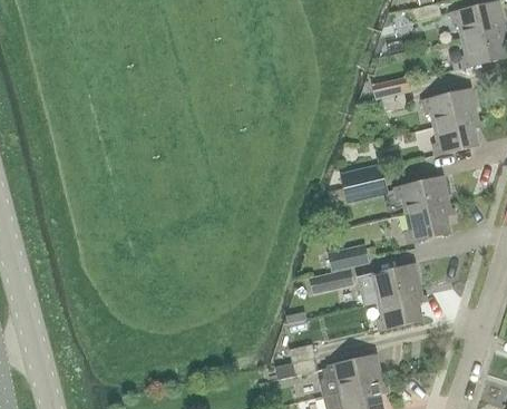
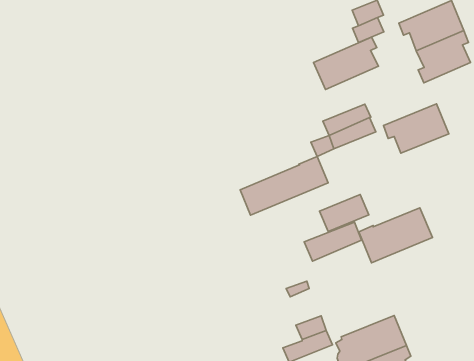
building: none -> [313,37,378,89]
building: [404,203,452,242] -> none
building: none -> [240,157,328,215]
building: [377,291,425,330] -> none

